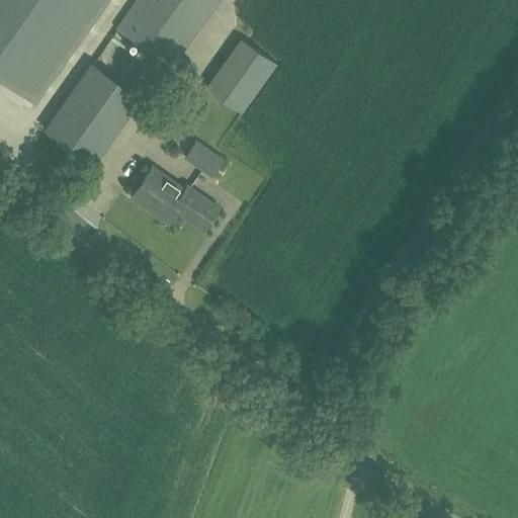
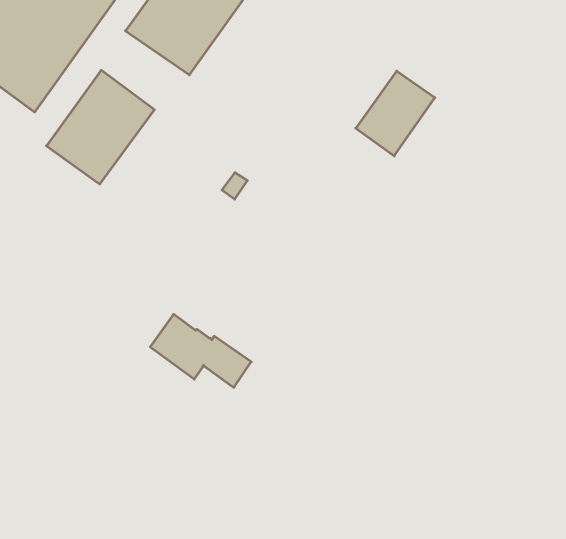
building: [208,39,277,113] -> [356,71,435,156]
building: [131,167,219,231] -> [150,314,251,387]

